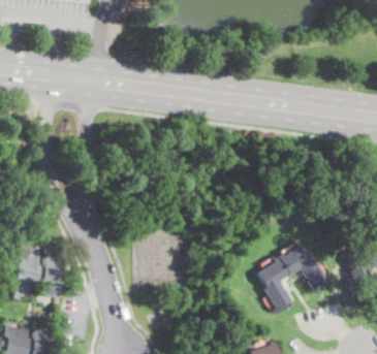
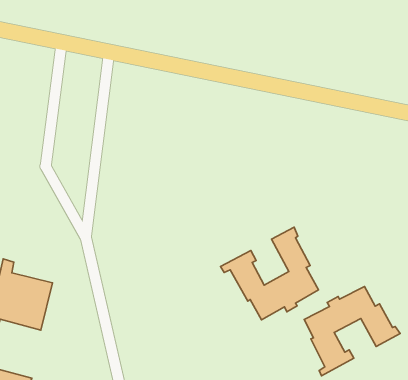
building: none -> [221,227,318,320]

